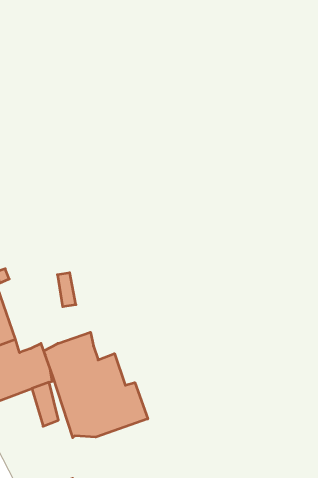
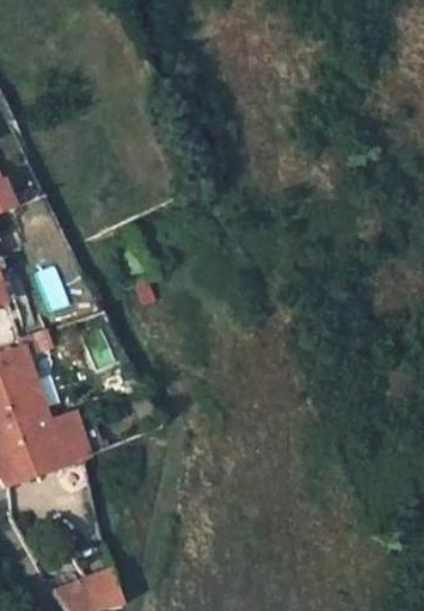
building: [44,332,148,438] -> none

